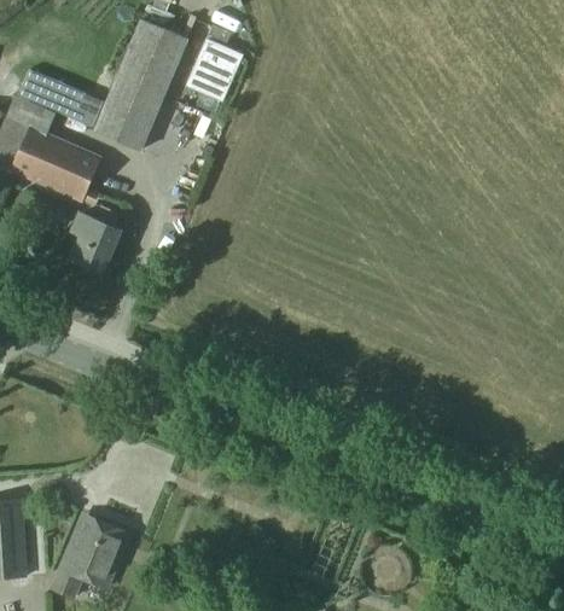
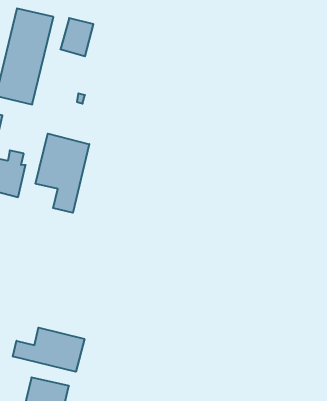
building: none -> [36,134,89,213]
building: none -> [13,328,84,372]

